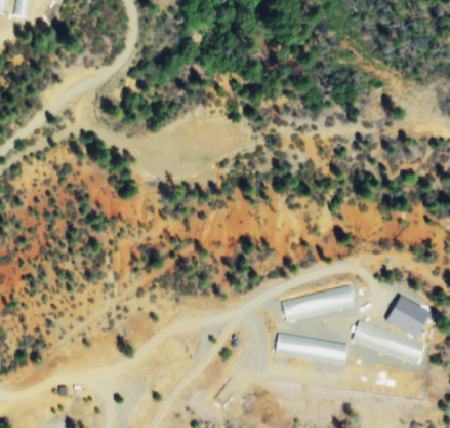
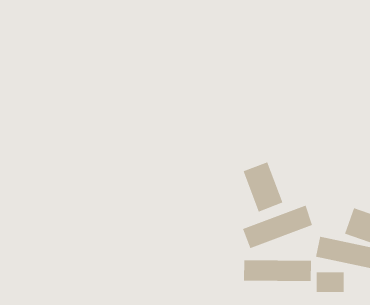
building: none -> [243,162,283,212]
building: none -> [316,272,344,293]

